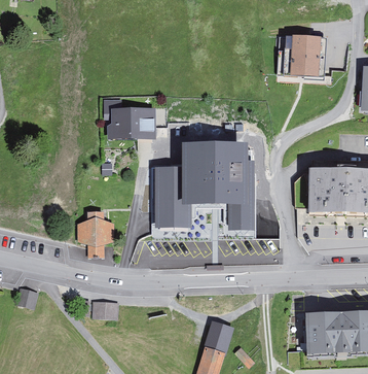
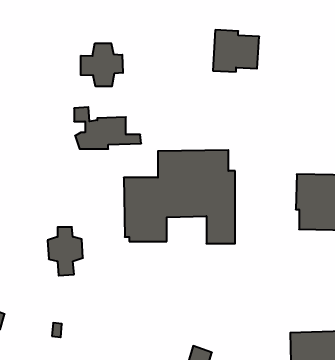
building: [283,38,326,77] -> [213,30,259,72]
building: none -> [81,43,123,86]
building: [96,302,120,319] -> none

